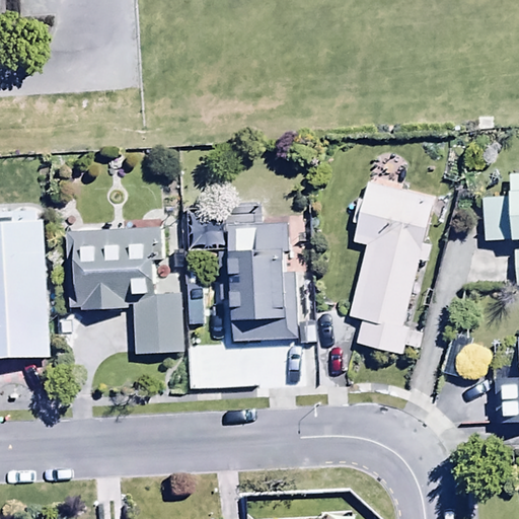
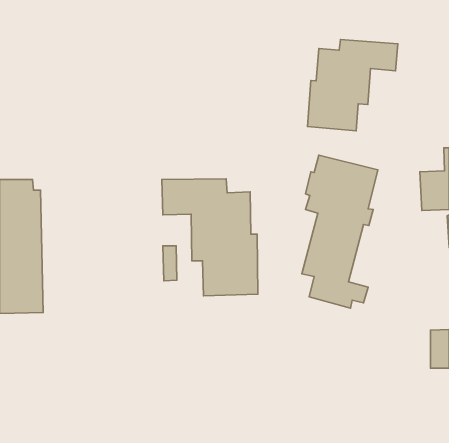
building: none -> [308,40,398,131]
building: [65,228,184,354] -> none

